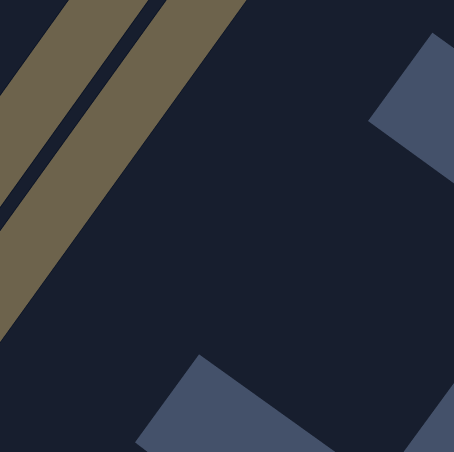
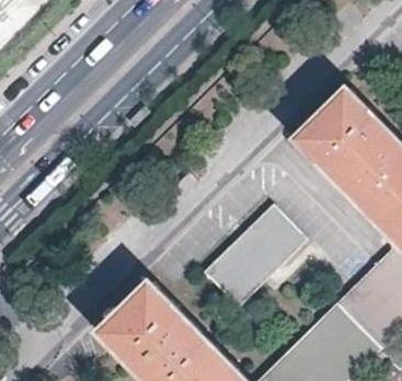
building: none -> [199,212,303,314]

